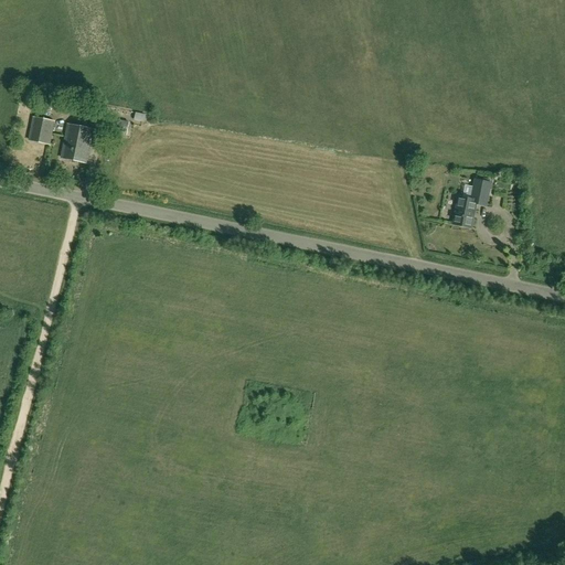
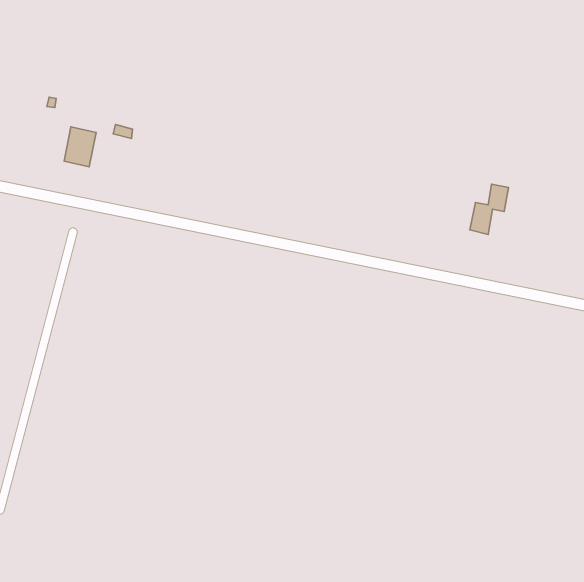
building: [29,116,54,142] -> none

